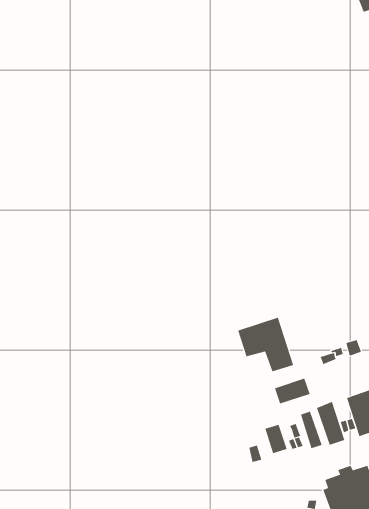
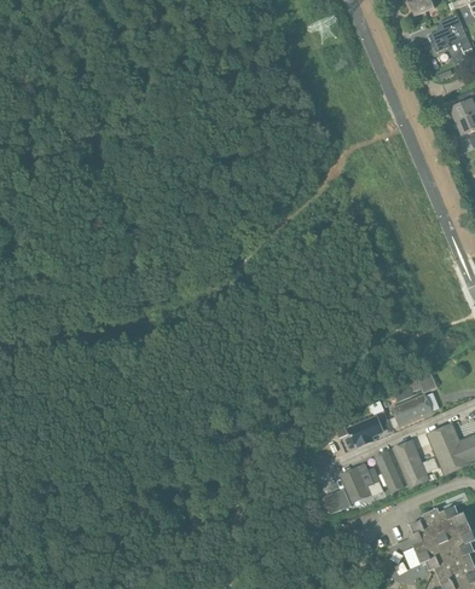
building: [238,317,294,372] -> none
building: none -> [394,392,434,422]

